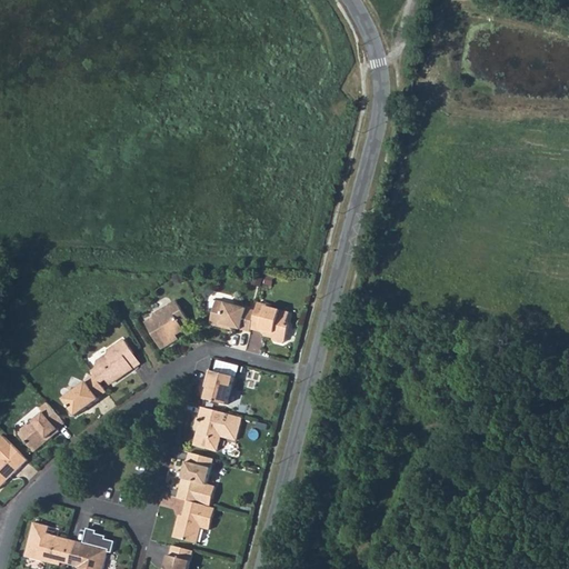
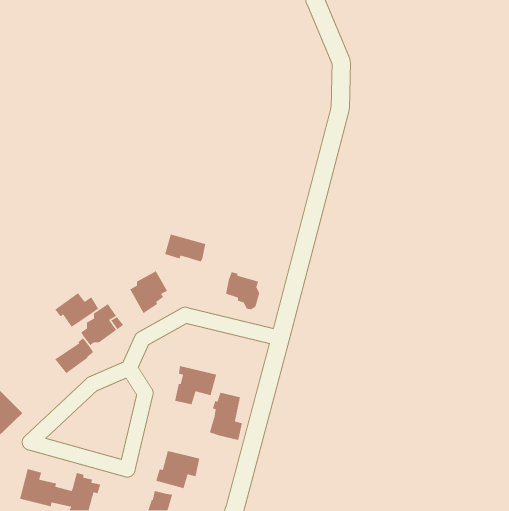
building: [207,299,253,331] -> [164,233,206,262]
building: none -> [54,292,99,328]
building: [203,369,232,403] -> none
building: [19,401,63,453] -> none
building: [176,451,213,506] -> [209,392,243,441]

